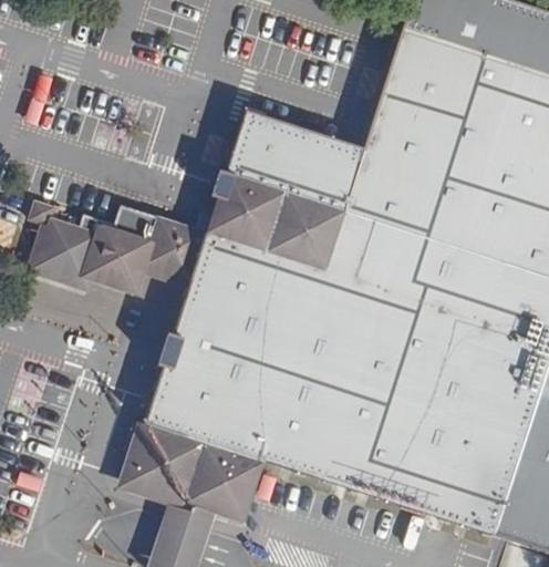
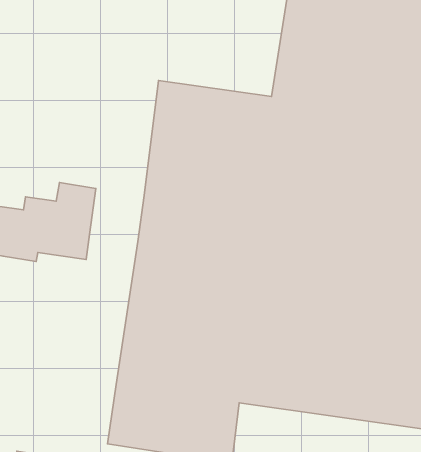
building: [145,217,208,279] -> none

